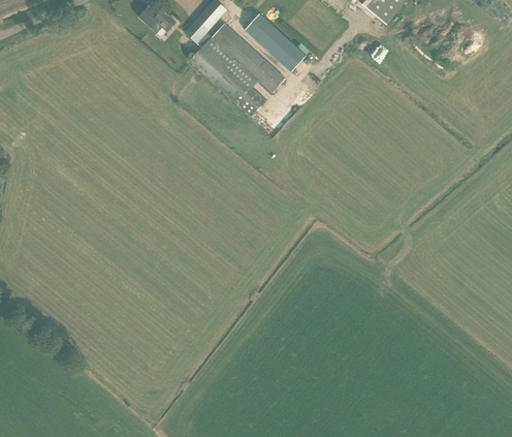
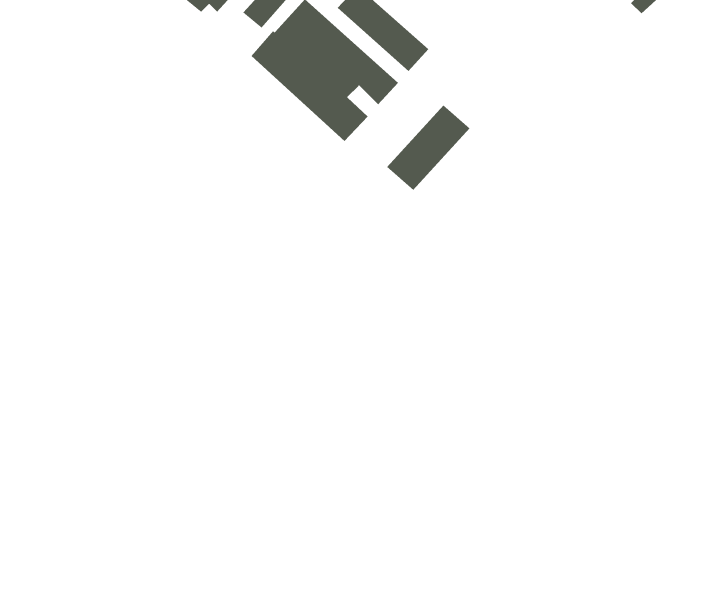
building: none -> [386,105,470,191]

